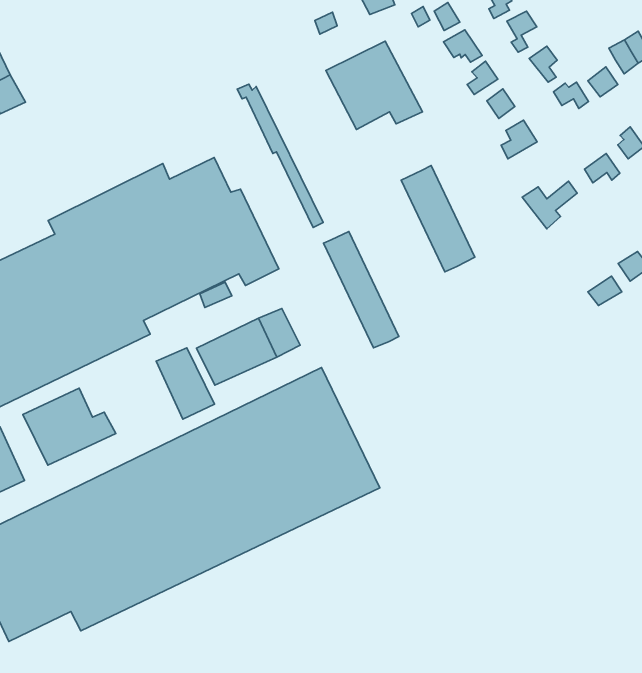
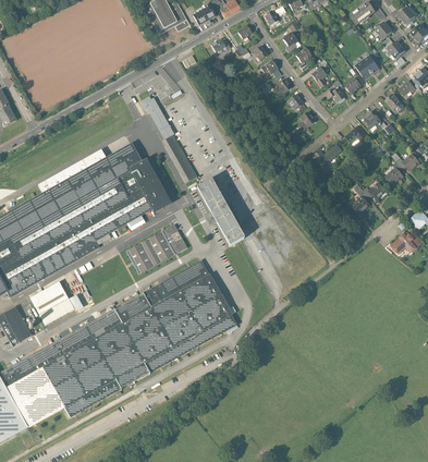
building: [326,41,422,130] -> none
building: [401,166,475,272] -> none
building: [156,348,214,419] -> none

